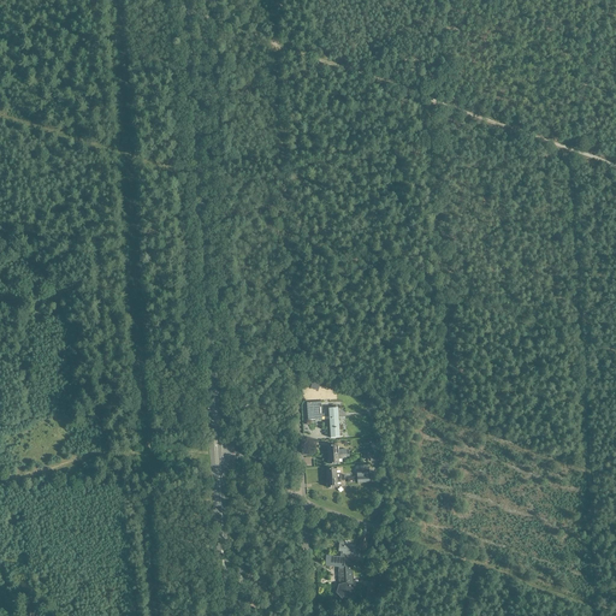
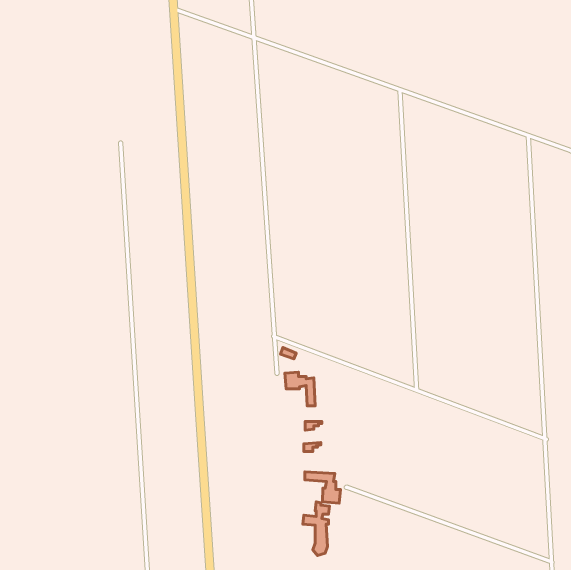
building: none -> [305,472,341,503]

